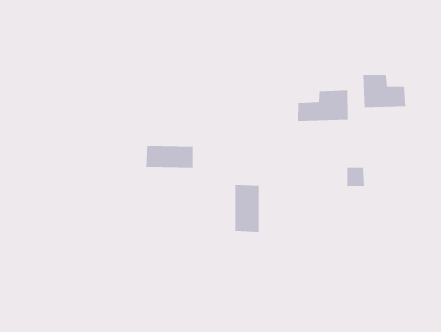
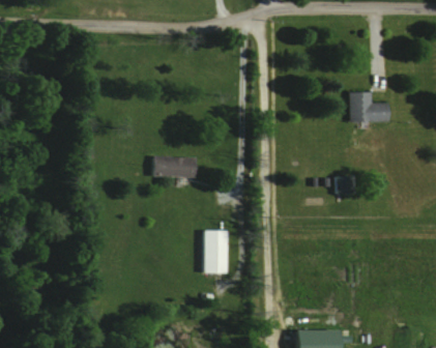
building: [298,89,348,122] -> none
building: [234,184,260,232] -> [204,230,227,273]

